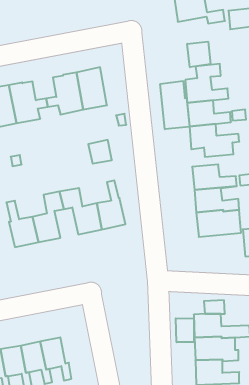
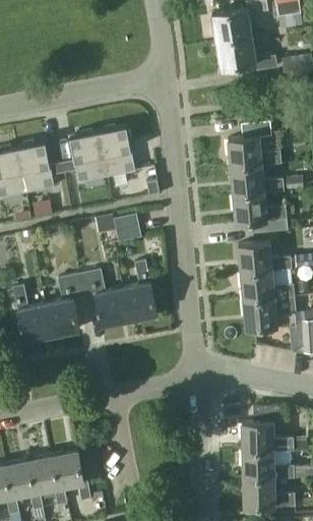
building: [187,42,210,67] -> none
building: [160,81,190,129] -> none
building: [176,318,194,342] -> none

